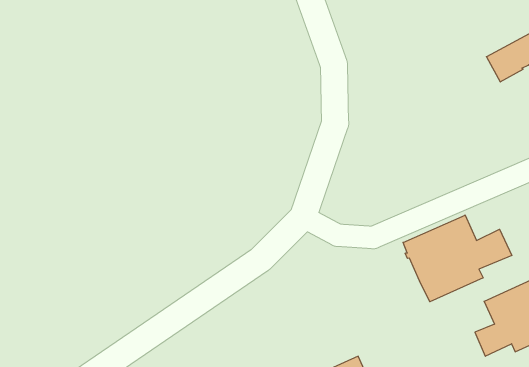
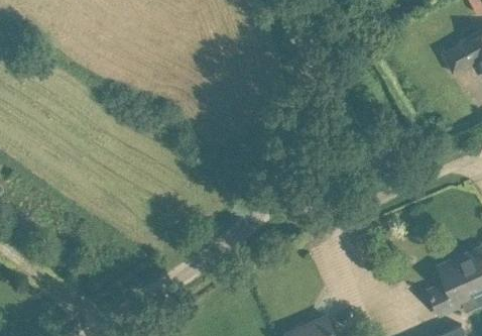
building: [403,215,512,302] -> none

